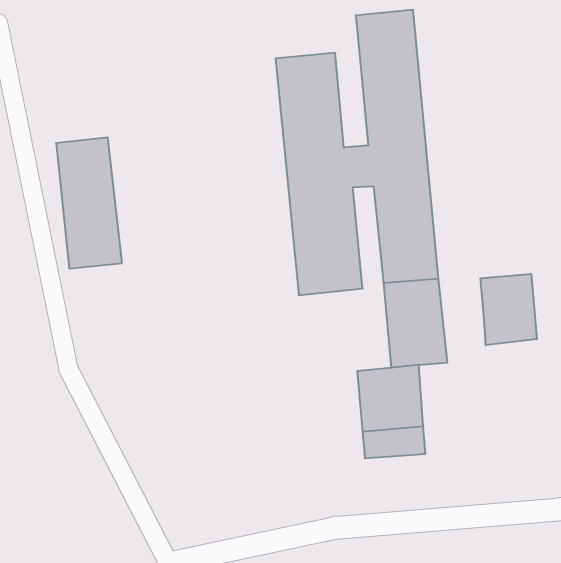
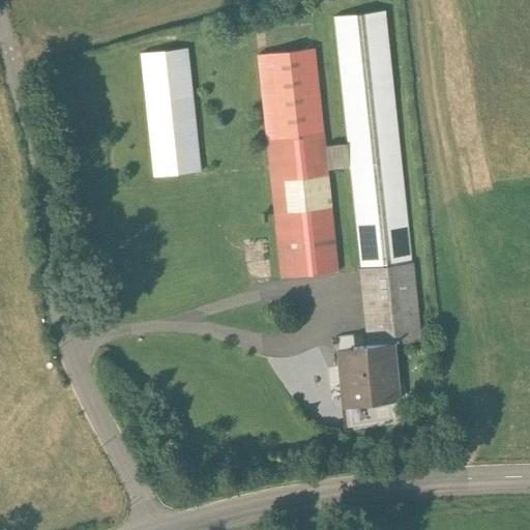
building: [56,138,122,269] -> [141,50,203,173]
building: [481,274,537,345] -> none

